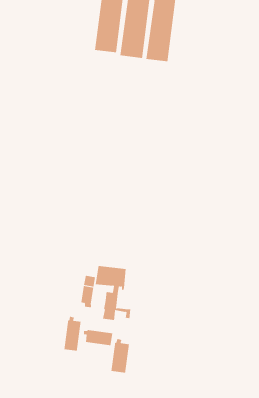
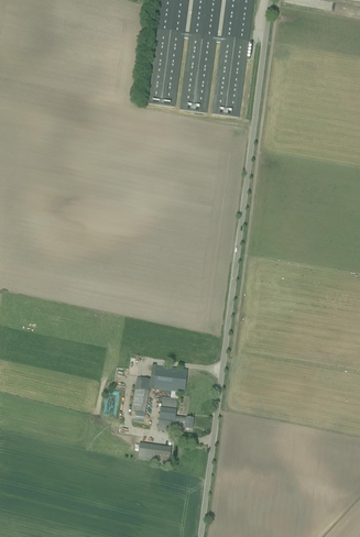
building: [64,316,81,352] -> none
building: [111,338,129,374] -> none

